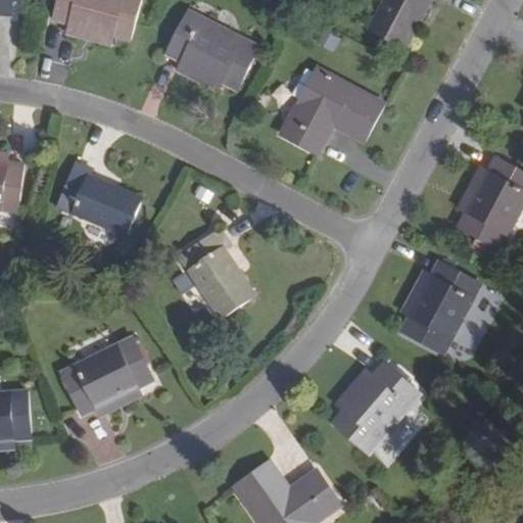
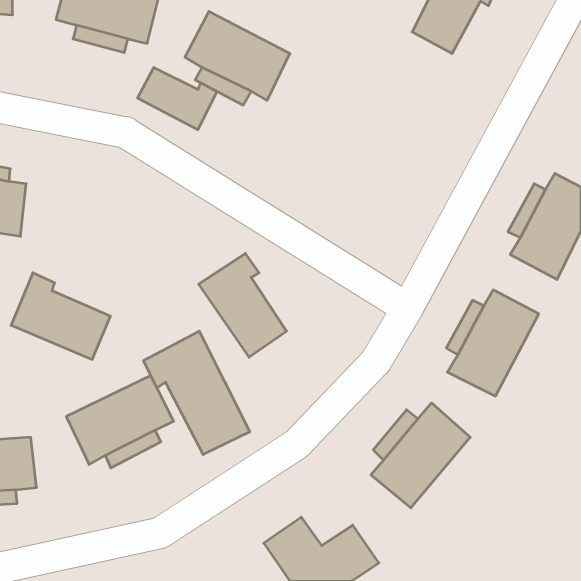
building: none -> [138,67,217,130]
building: [283,67,382,152] -> none
building: [55,159,144,237] -> [11,273,110,359]
building: none -> [144,331,250,455]

